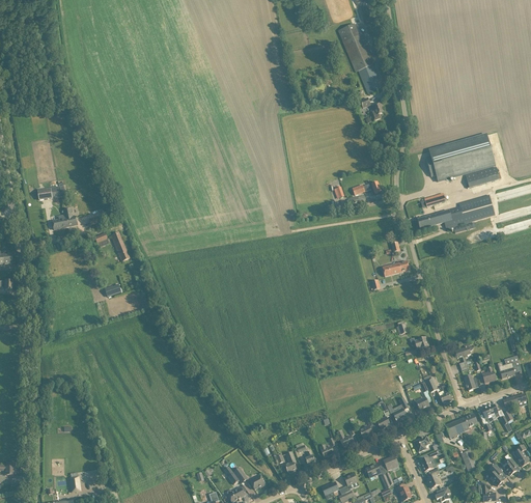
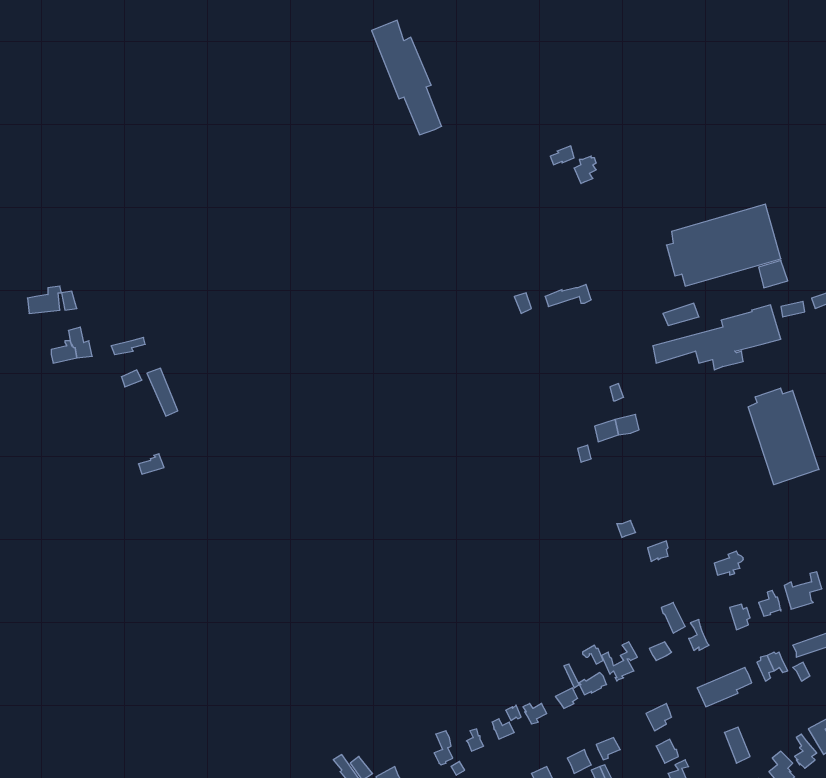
building: [338,24,381,93] -> [372,20,442,135]
building: none -> [748,388,819,485]

